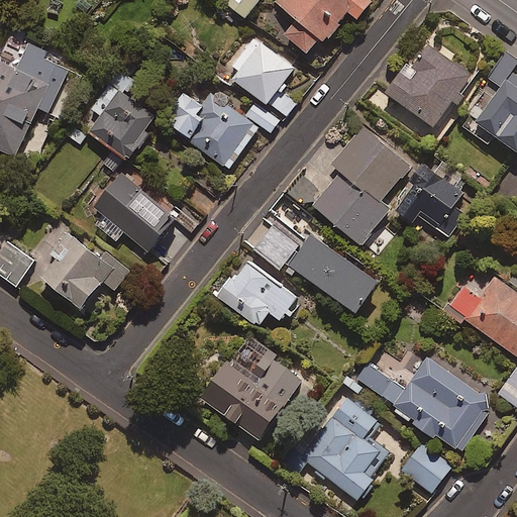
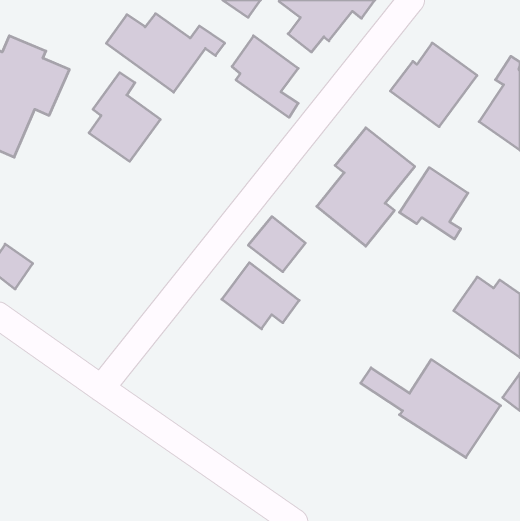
building: [162,92,279,170] -> [106,14,225,92]
building: [92,173,176,251] -> none
building: [41,230,128,308] -> none
building: [290,234,379,312] -> none
building: [199,339,304,441] -> none
building: [288,396,388,500] -> none
building: [401,444,451,493] -> none

